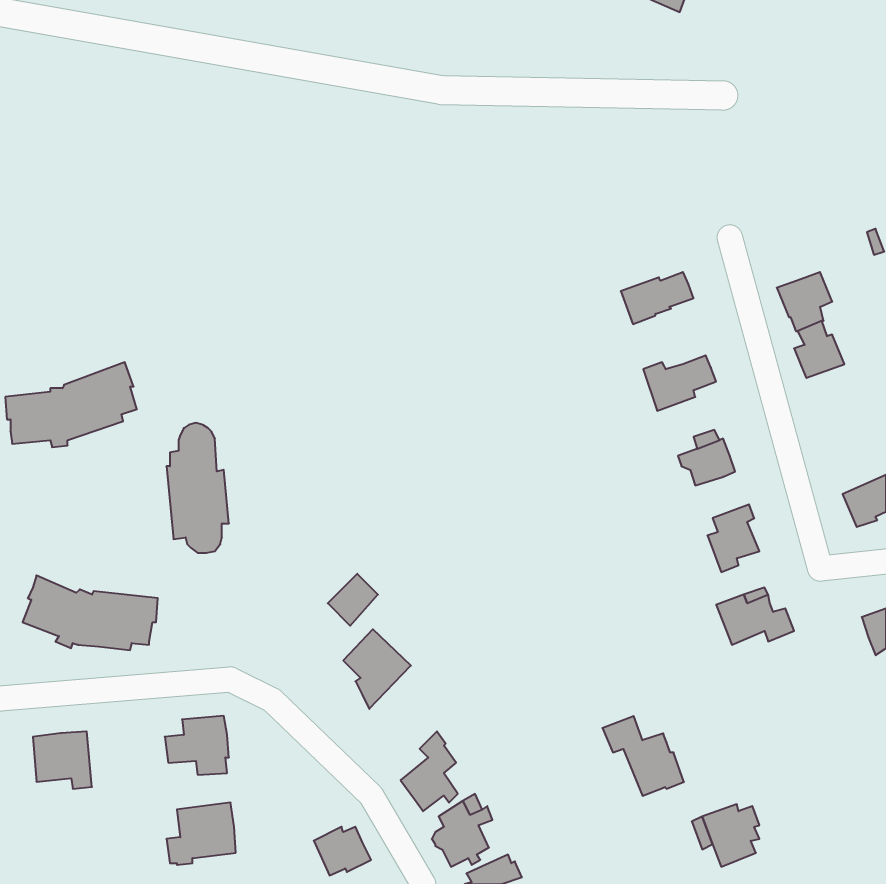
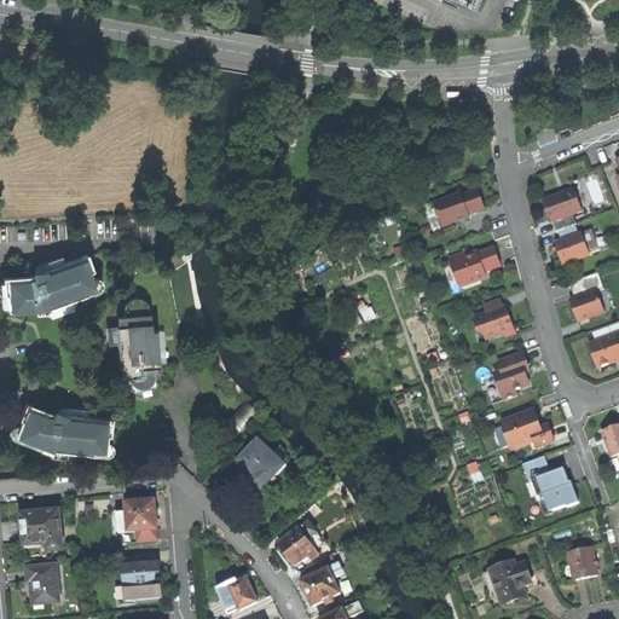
building: none -> [568,272,603,320]
building: [602,716,684,796] -> [521,456,578,511]
building: none -> [568,545,597,578]
building: none -> [28,565,60,603]

